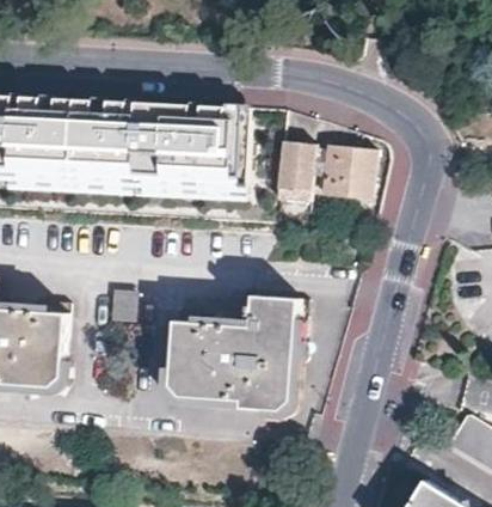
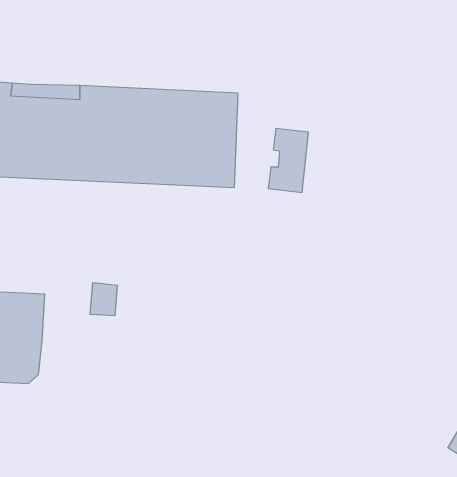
building: [322,147,375,201] -> none
building: [168,291,303,407] -> none

